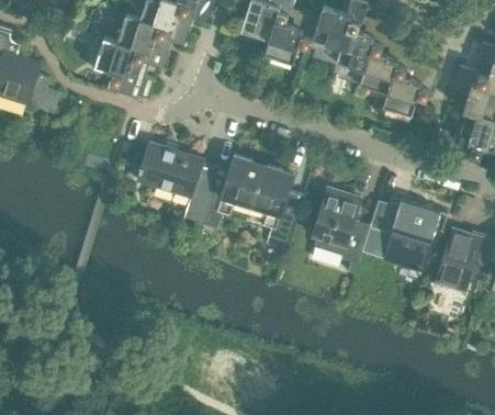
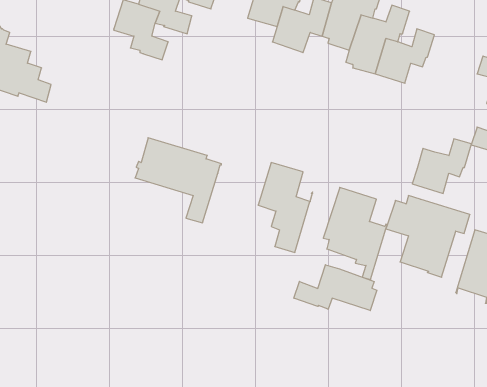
building: [93,36,155,99] -> none
building: [382,64,437,114] -> [412,139,471,193]
building: [199,155,262,227] -> none
building: none -> [294,265,377,311]

